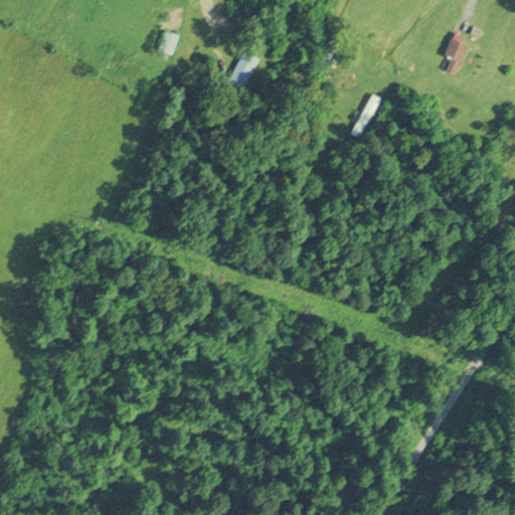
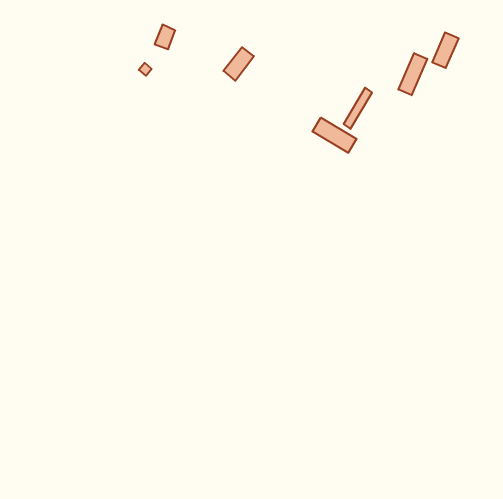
building: none -> [398,53,427,95]
building: none -> [312,118,357,153]

